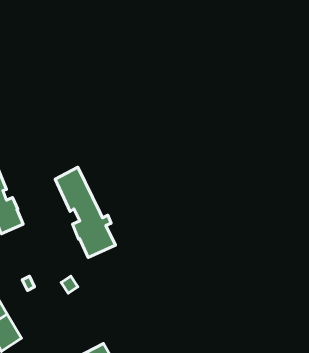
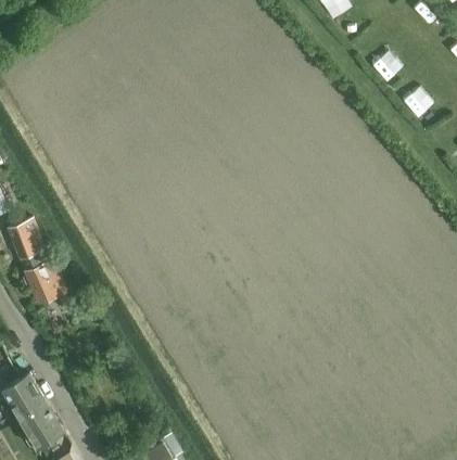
building: [55,167,116,257] -> none

